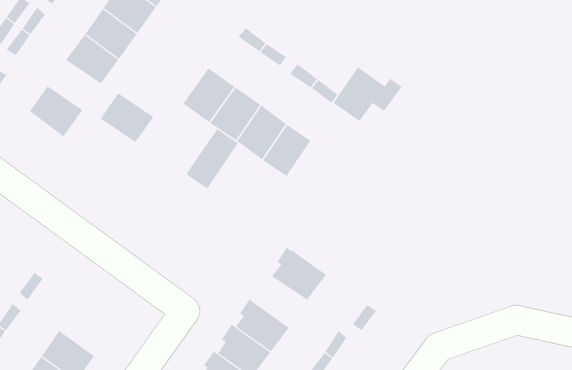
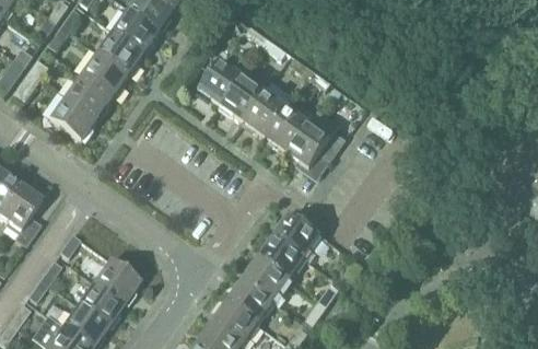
building: [333,66,402,122] -> [286,120,346,167]
building: [100,93,154,143] -> [83,51,129,94]
building: none -> [51,95,97,140]
building: [186,128,239,190] -> none
building: none -> [258,232,304,279]
building: none -> [93,258,140,303]

